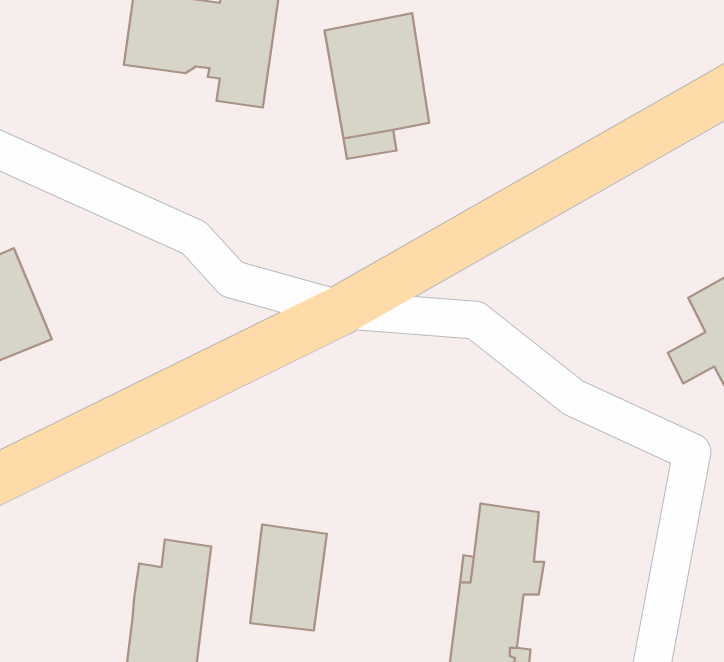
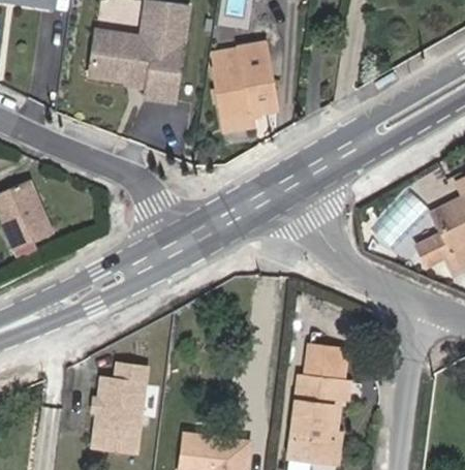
building: [250,525,327,630] -> none

